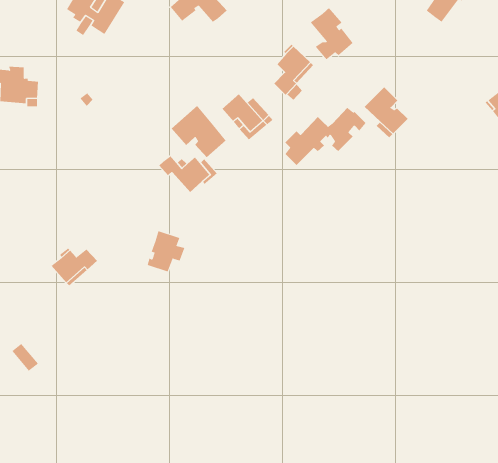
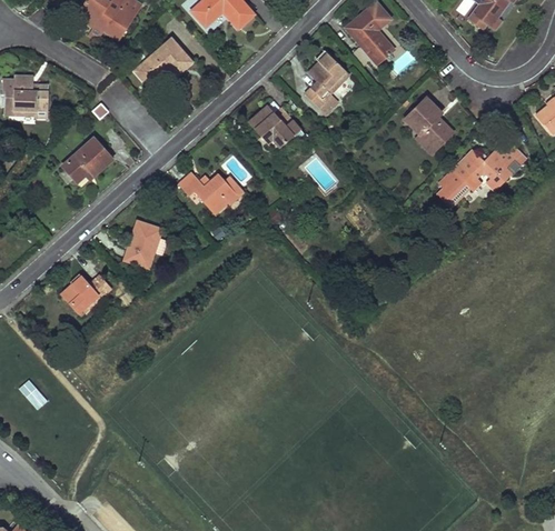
building: none -> [135,38,192,87]
building: [171,105,226,158] -> none
building: [284,107,367,166] -> [436,140,526,204]
building: none -> [62,138,112,182]
building: [147,231,185,272] -> [125,221,167,267]

